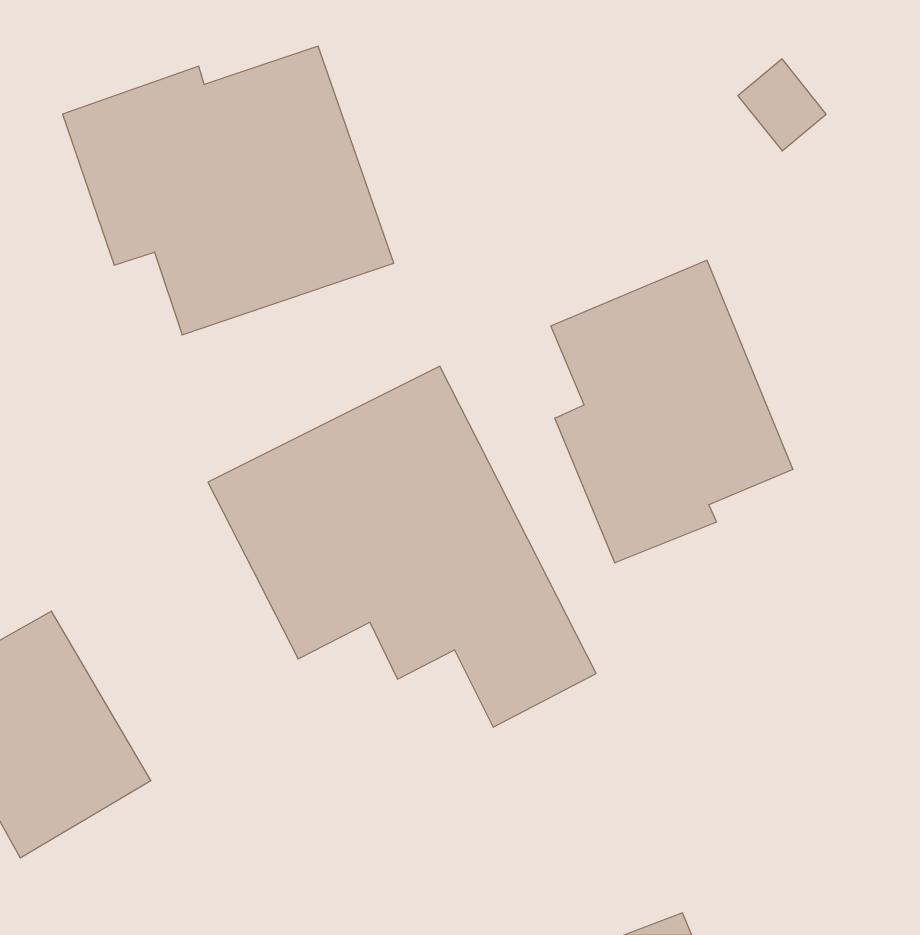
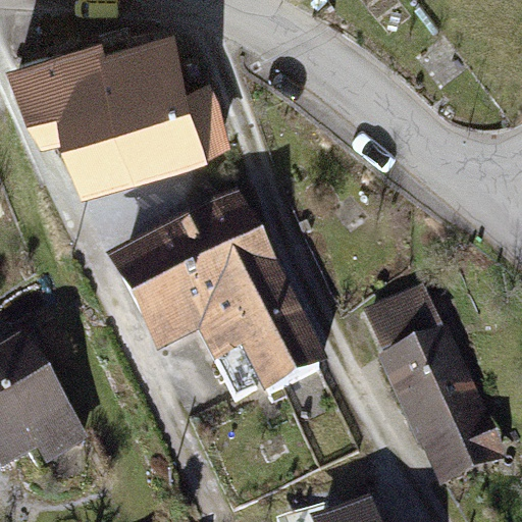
building: [551,260,793,563] -> none
building: none -> [363,291,503,494]

